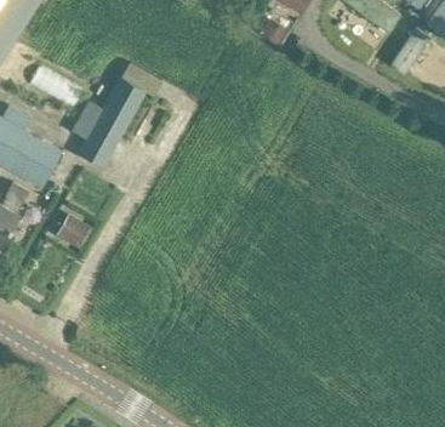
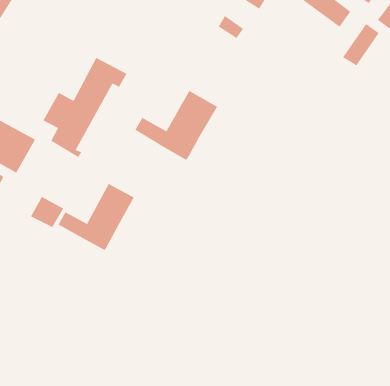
building: none -> [134,90,218,161]
building: none -> [58,183,134,251]

